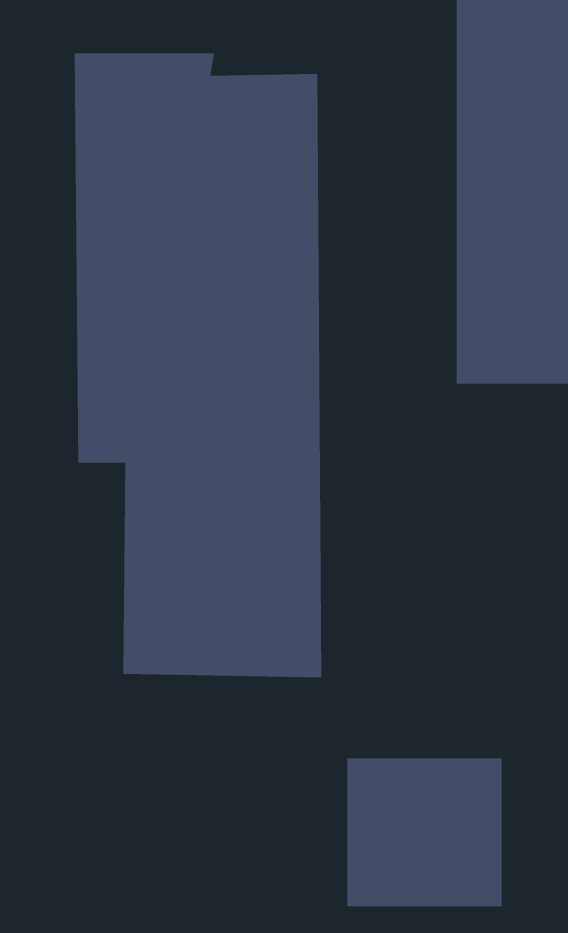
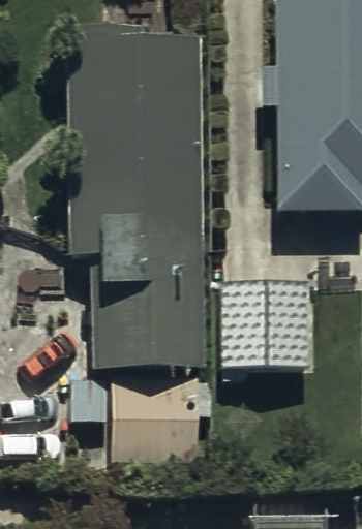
building: none -> [222,282,308,368]
building: [346,758,503,907] -> [110,380,195,462]

